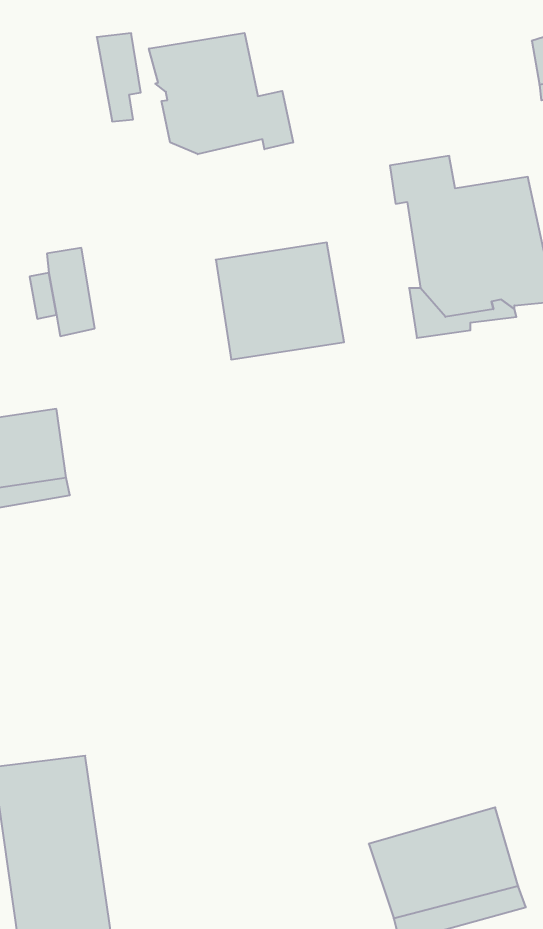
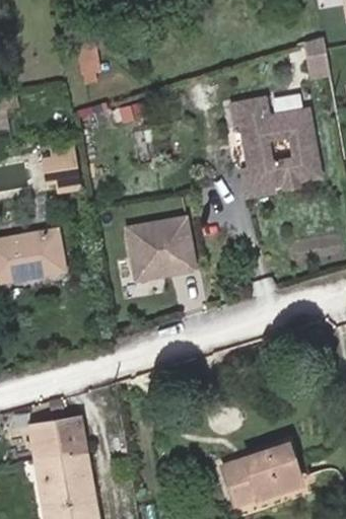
building: [149,33,293,154] -> none
building: [216,243,344,359] -> [127,217,195,279]

